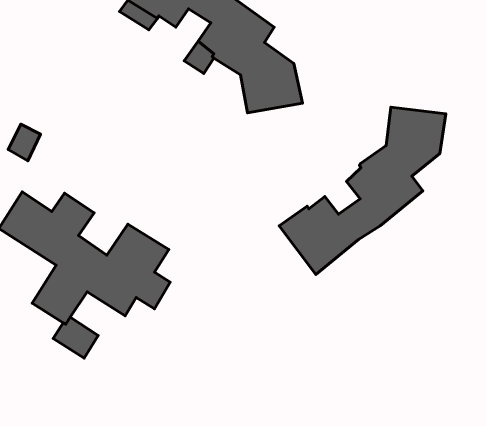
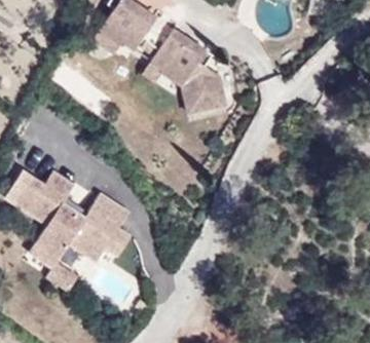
building: [279,107,446,274] -> none

